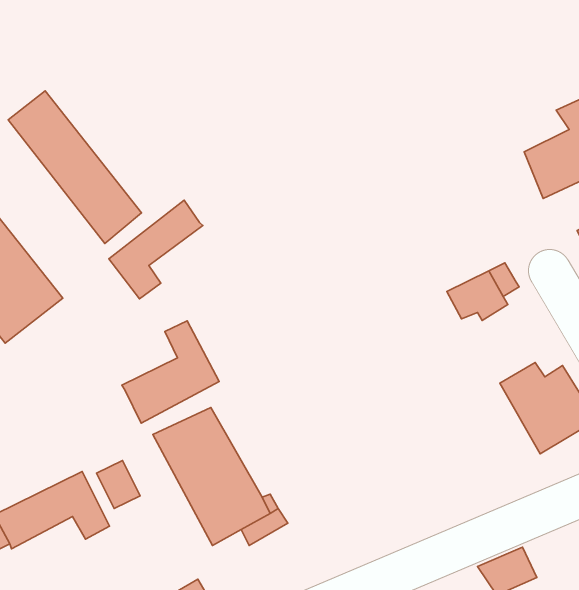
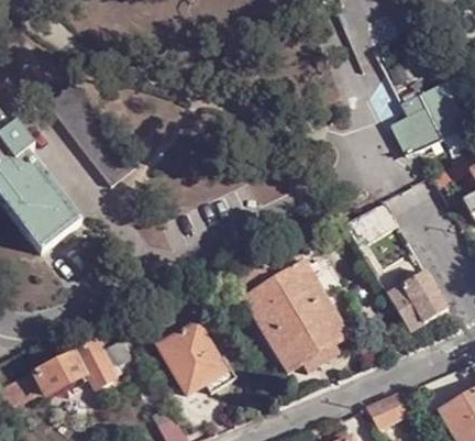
building: [109,200,203,299] -> none
building: [122,321,219,423] -> none
building: none -> [233,257,350,370]

